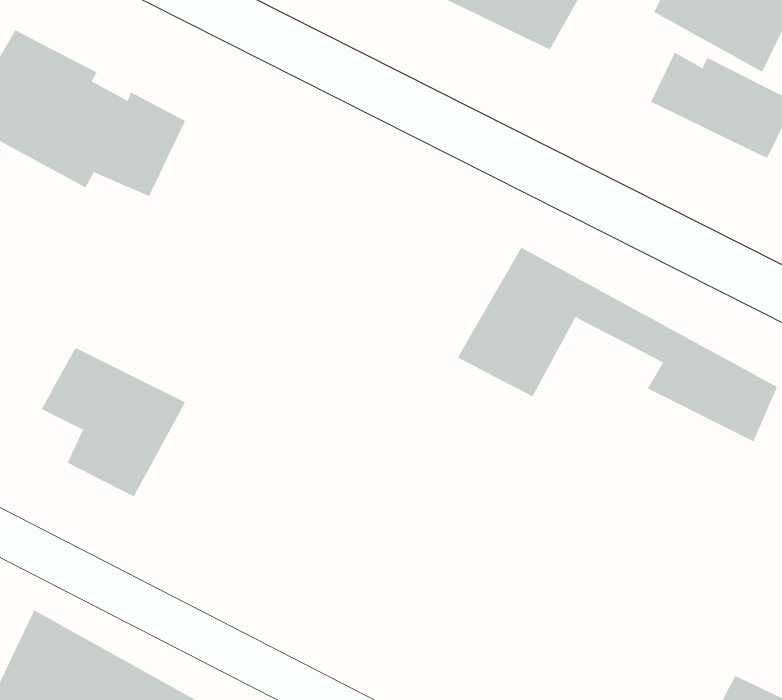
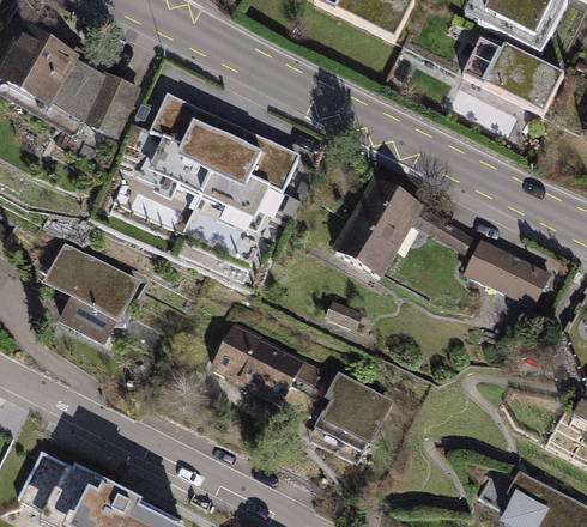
building: none -> [145,96,297,222]
building: none -> [210,325,304,407]
building: none -> [317,374,394,454]

